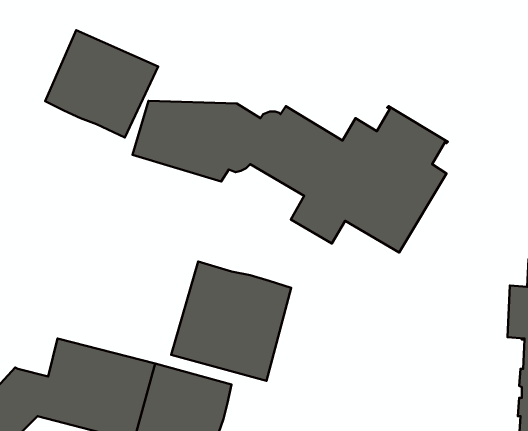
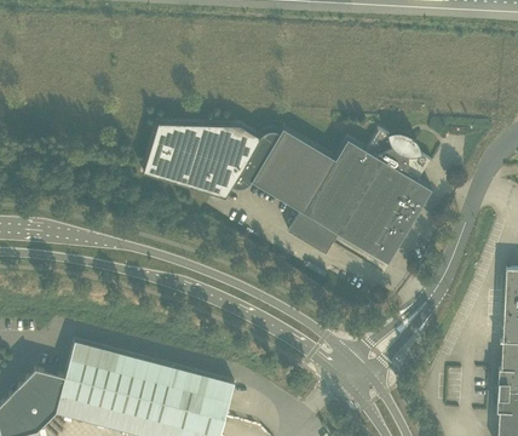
building: [45,30,158,138] -> none
building: [171,262,291,381] -> none

